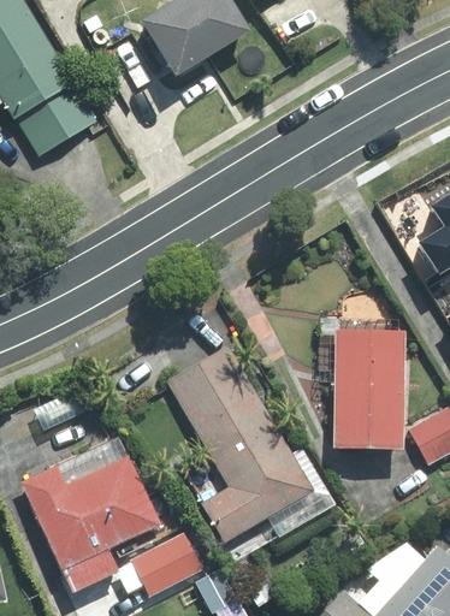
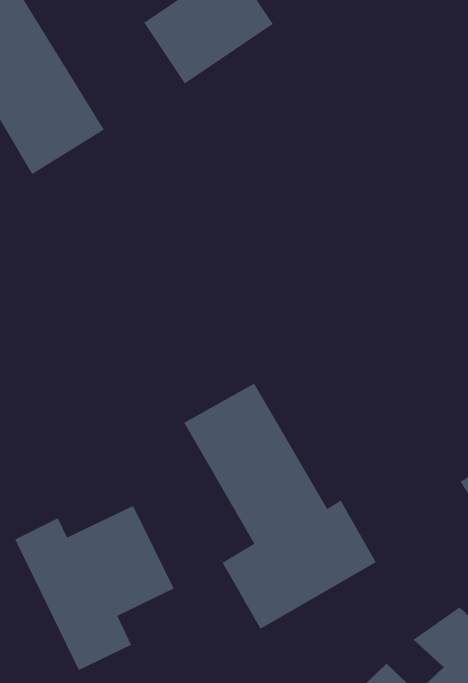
building: [332,328,405,452] -> none
building: [123,532,205,598] -> none

